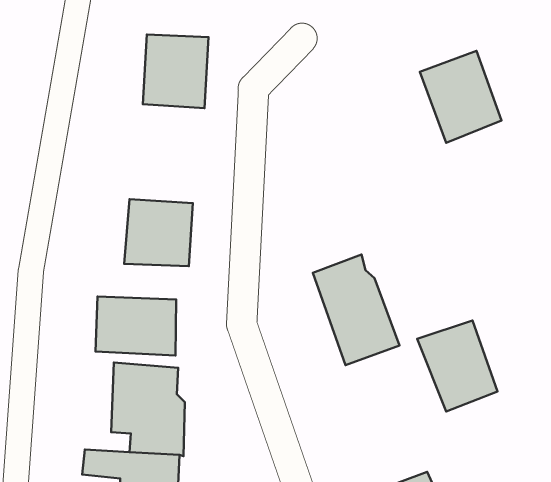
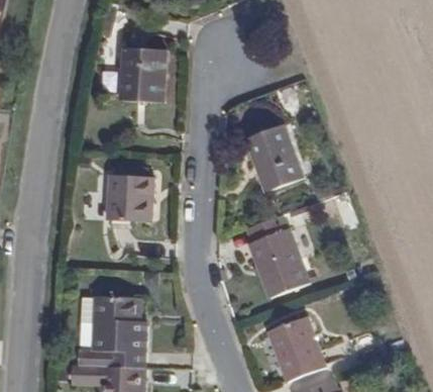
building: [420,51,502,143] -> [243,122,306,193]
building: [95,297,176,356] -> none
building: [417,320,497,411] -> [269,312,331,382]

